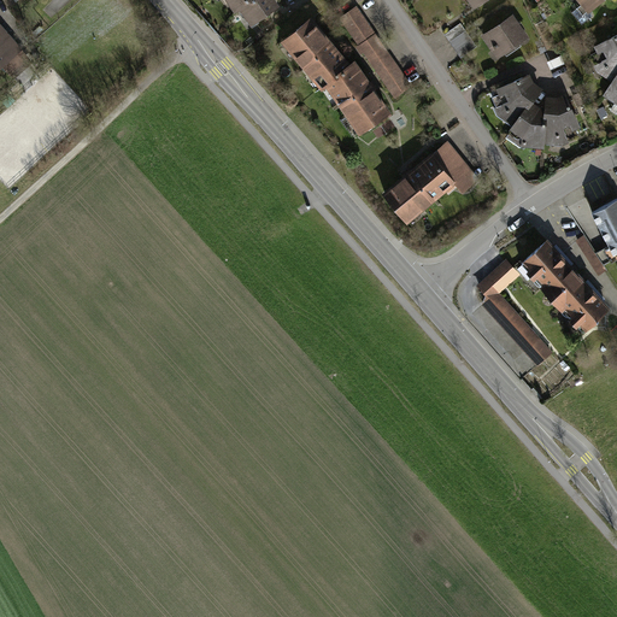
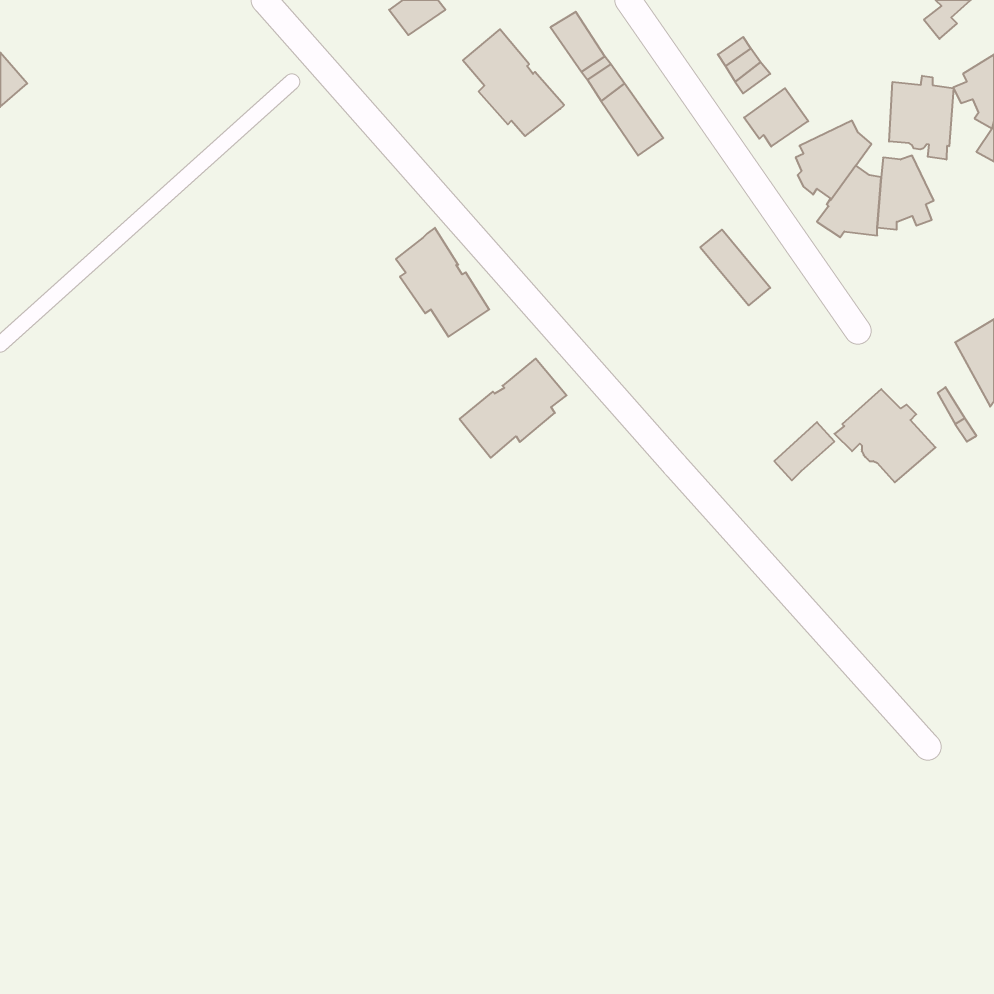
building: [486,17,525,53] -> [744,88,808,147]
building: none -> [889,76,954,160]
building: [330,61,388,129] -> [396,228,489,337]
building: [384,155,451,217] -> [460,359,567,458]
building: [554,277,607,330] -> none
building: [483,292,551,364] -> none

